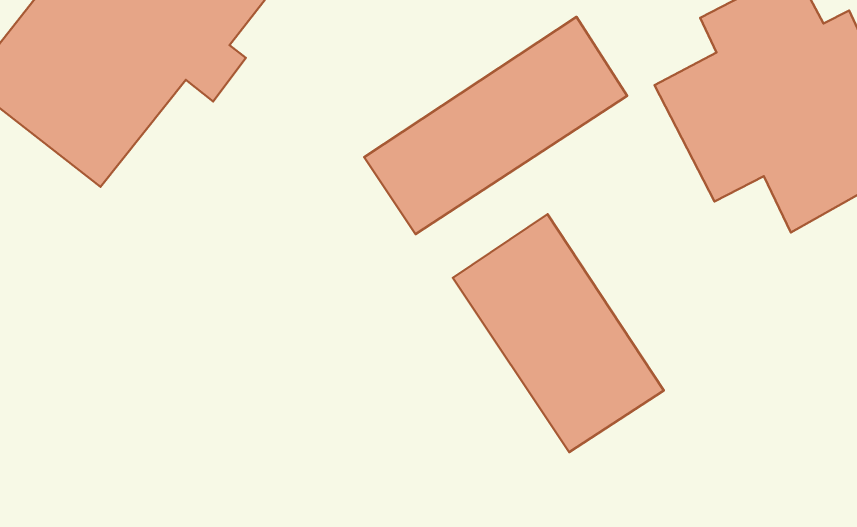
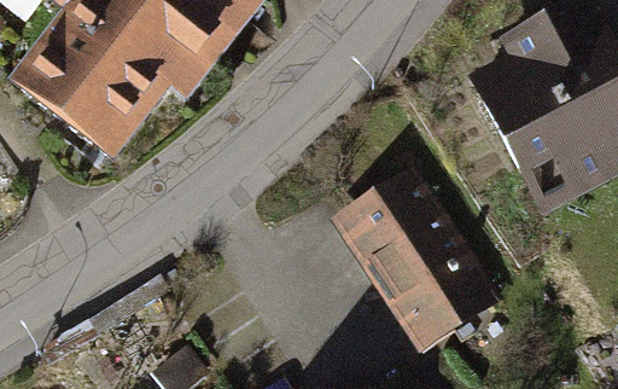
building: [364,17,627,234] -> none

